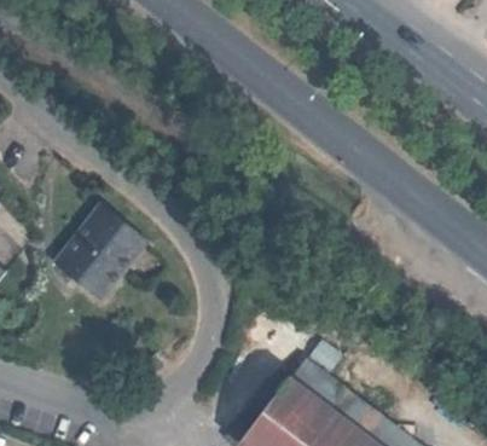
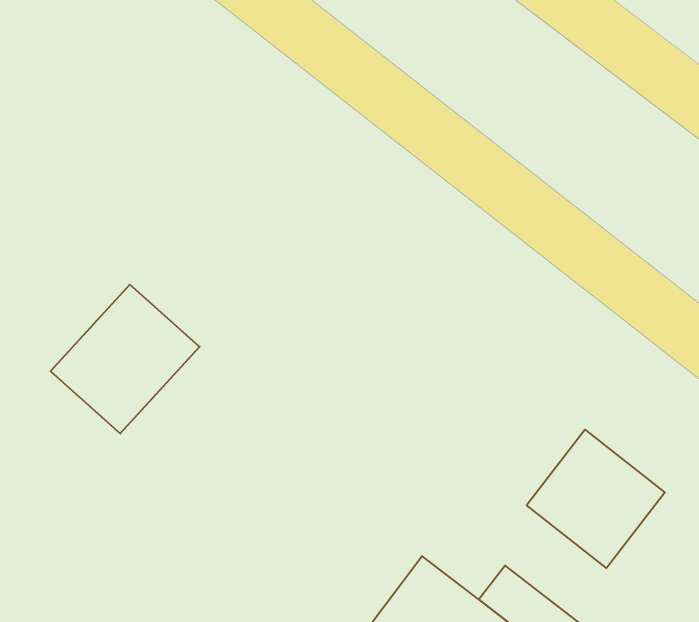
building: none -> [527,430,665,568]
building: [290,357,343,406] -> none

